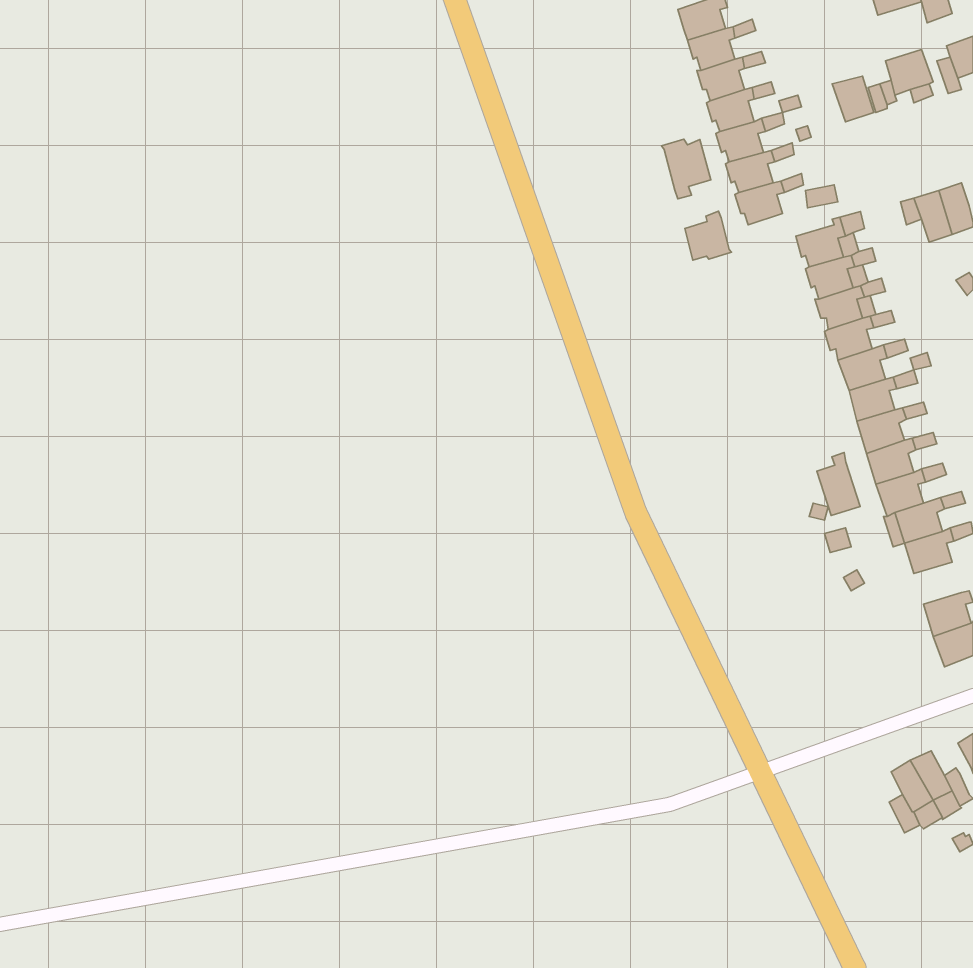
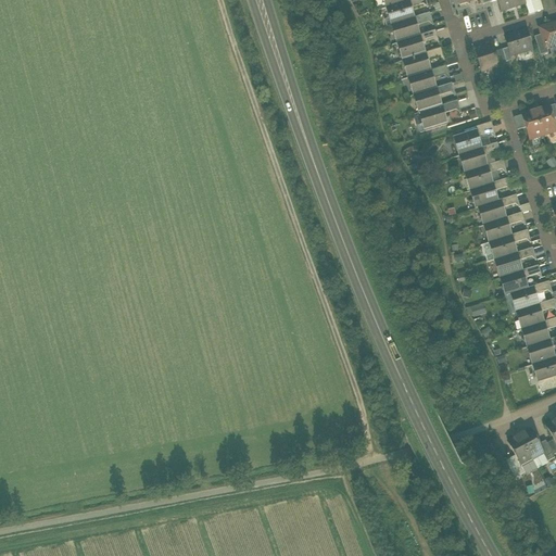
building: [662,139,711,199] -> none
building: [685,211,731,260] -> none
building: [817,452,860,516] -> none
building: none -> [521,319,549,344]

